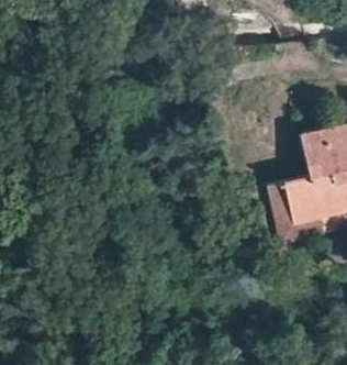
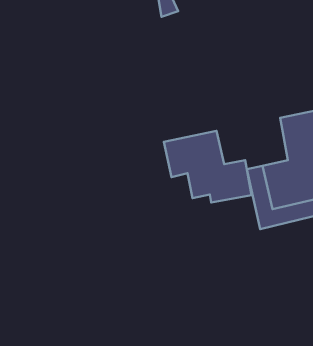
building: none -> [164,131,252,203]

